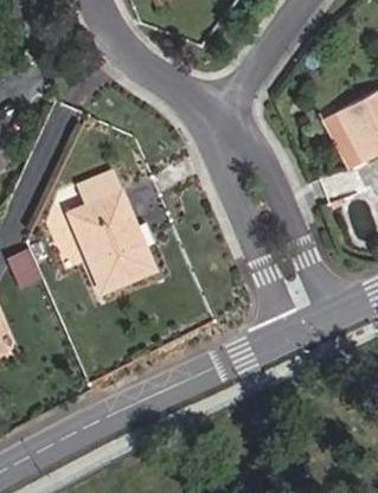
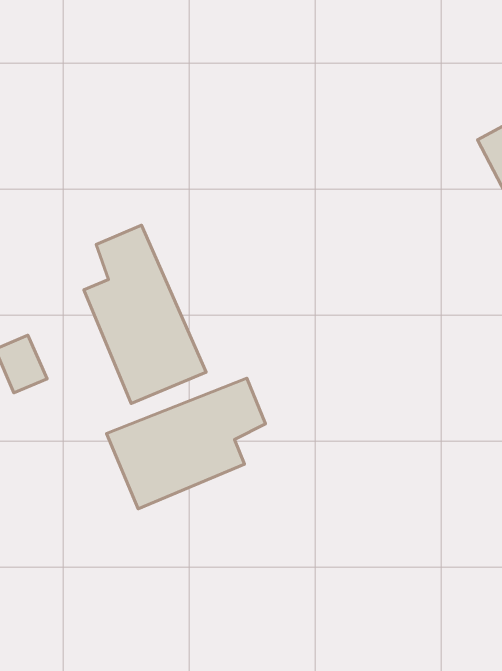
building: none -> [106,378,266,509]

